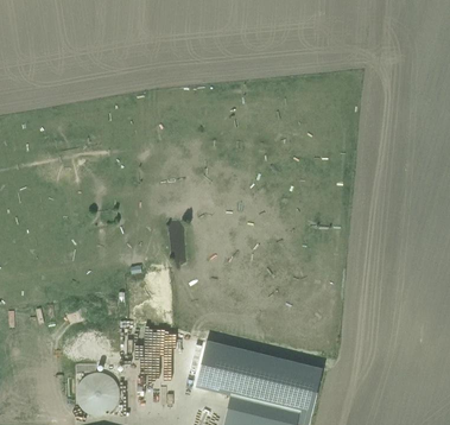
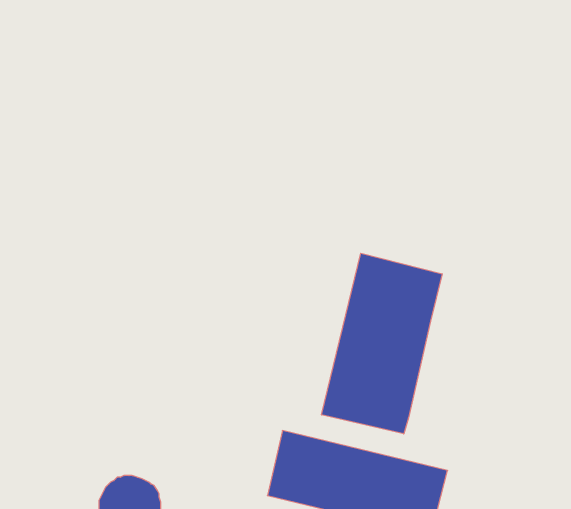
building: none -> [322,253,442,434]

